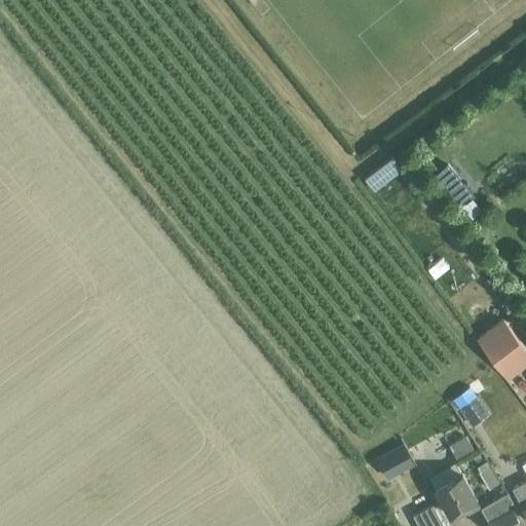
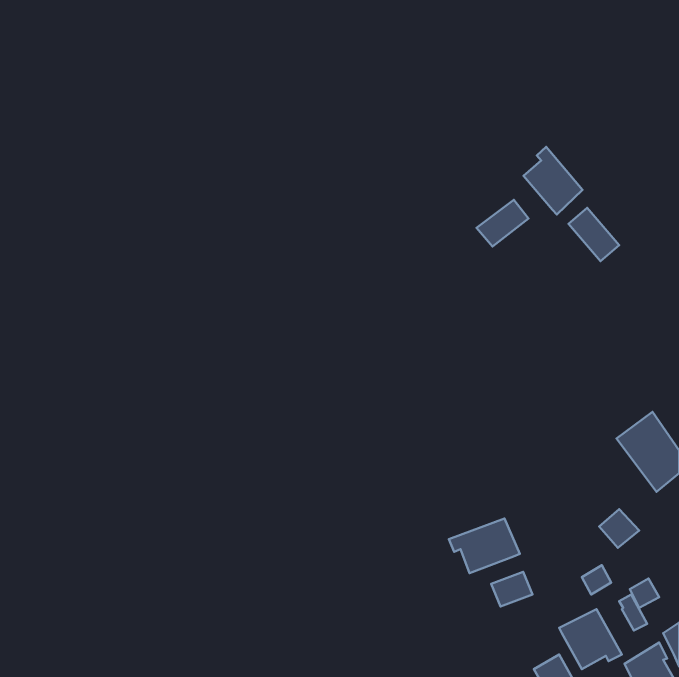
building: none -> [523,147,583,215]
building: none -> [449,519,520,573]

